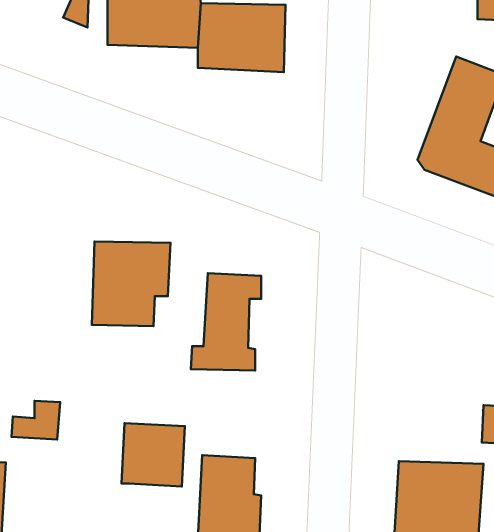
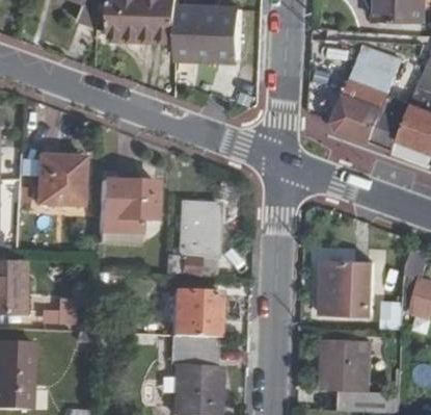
building: none -> [39,155,82,204]
building: none -> [323,261,374,317]
building: [122,423,185,486] -> [174,292,220,338]

